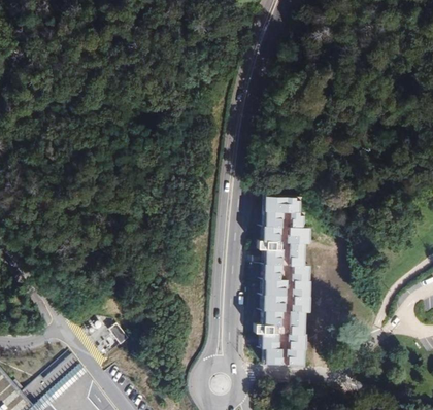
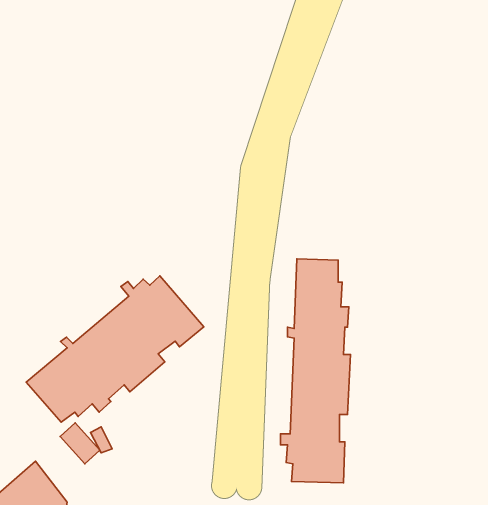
building: none -> [26,276,204,422]

